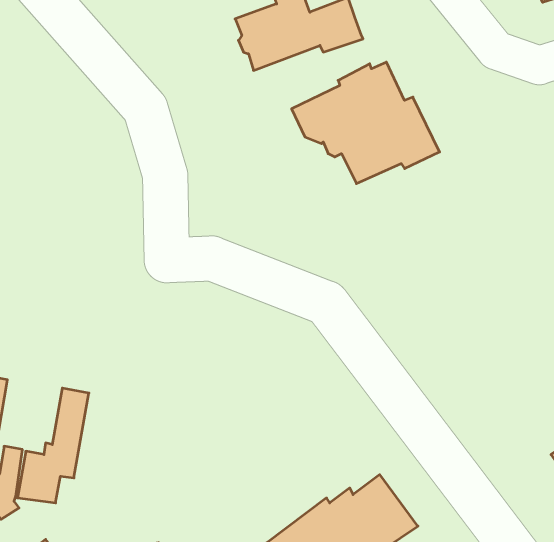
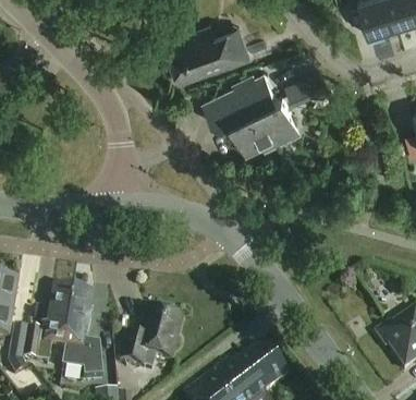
building: none -> [62,290,102,377]
building: none -> [120,307,183,366]

